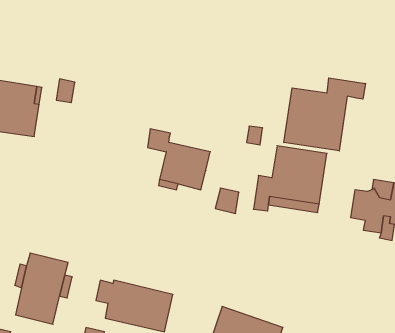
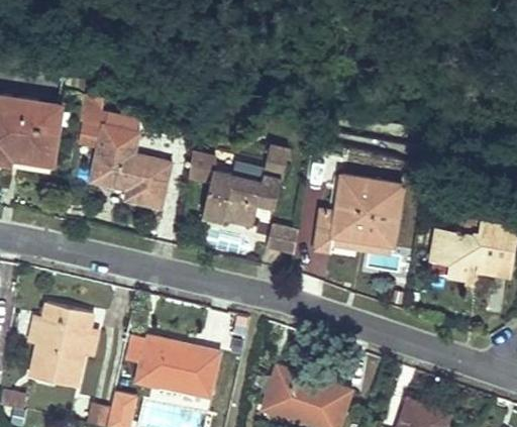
building: [284,78,366,151] -> none
building: none -> [91,126,171,208]
building: none -> [214,145,288,208]

